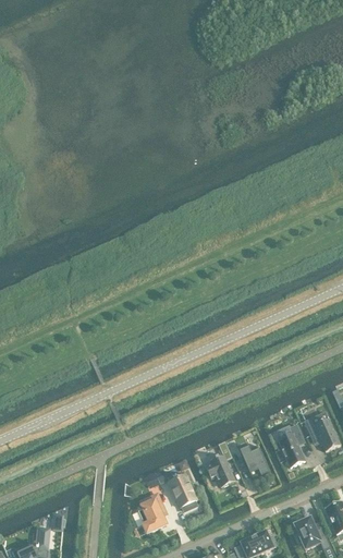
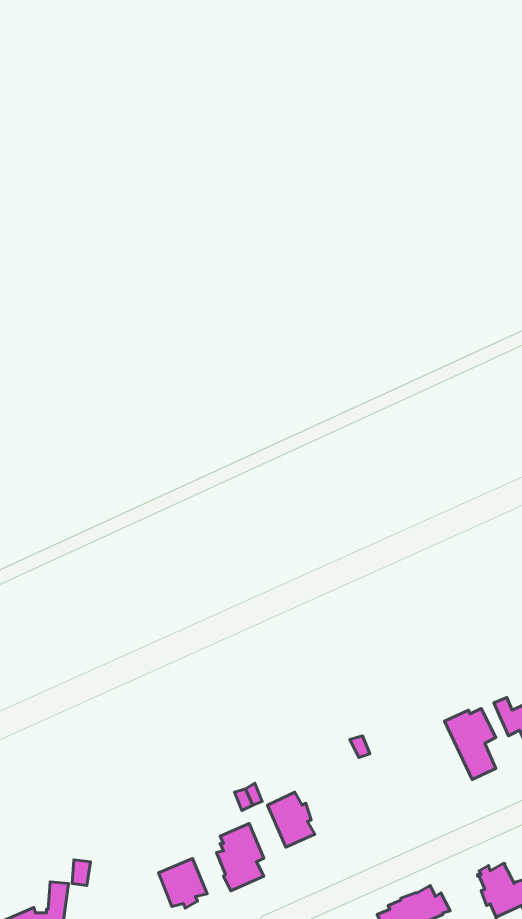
building: [238,444,269,476] -> none
building: [205,454,234,485] -> none
building: none -> [159,859,207,908]

